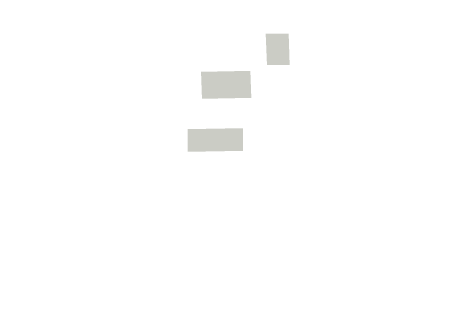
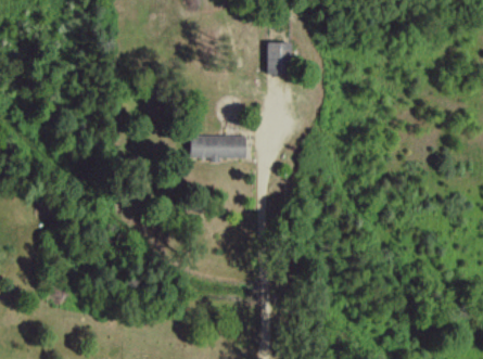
building: [201,70,252,100] -> none

